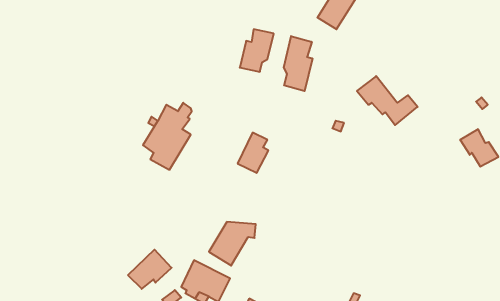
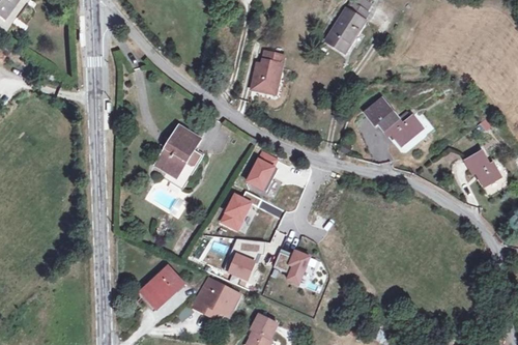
building: [284,36,312,91] -> none
building: none -> [221,192,262,230]
building: none -> [274,251,310,285]

